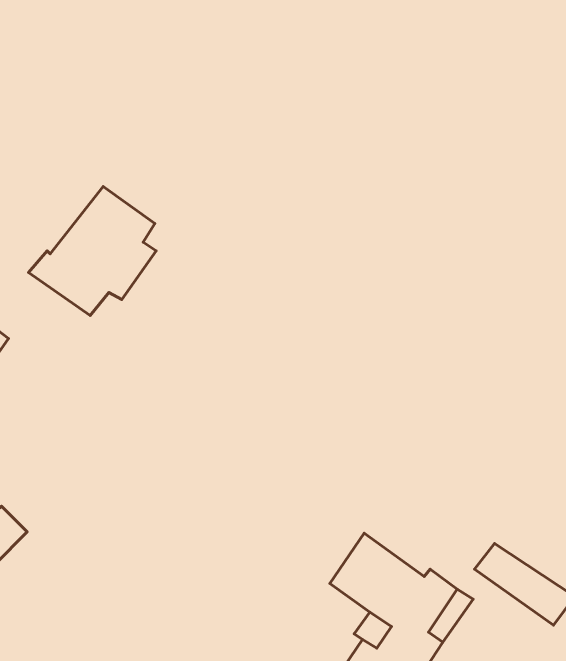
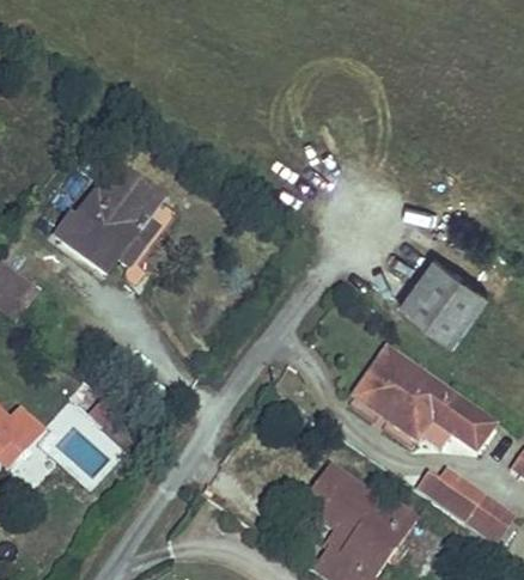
building: none -> [401,249,488,332]
building: none -> [354,347,485,441]

